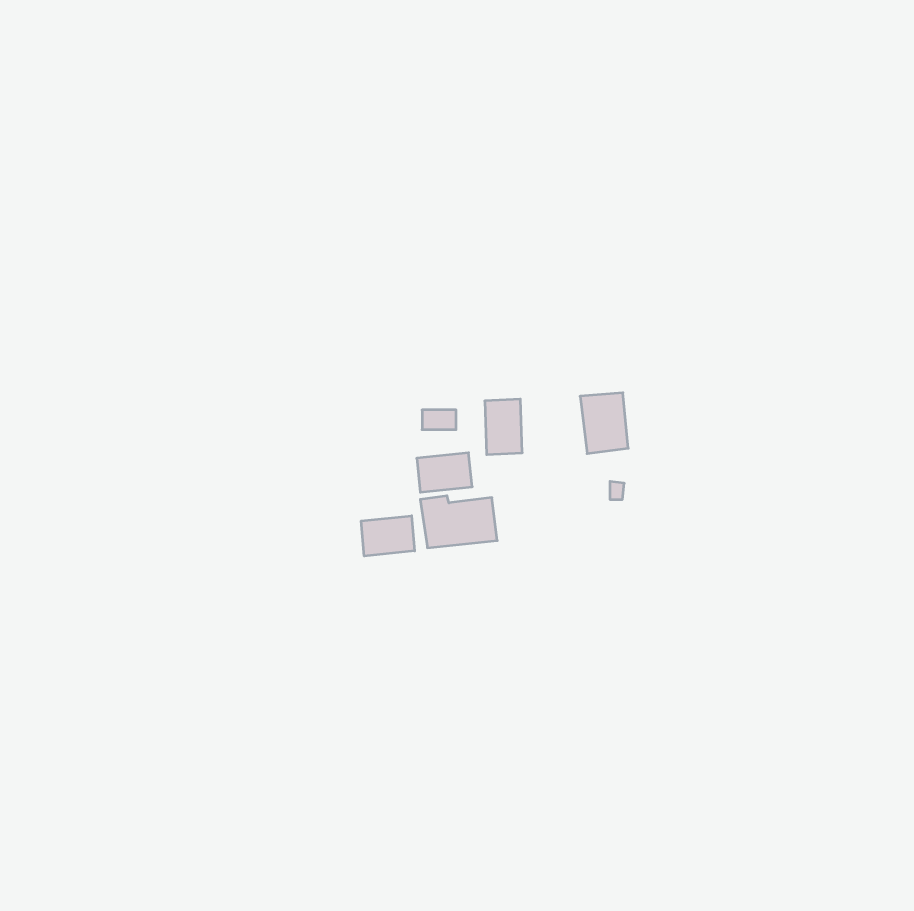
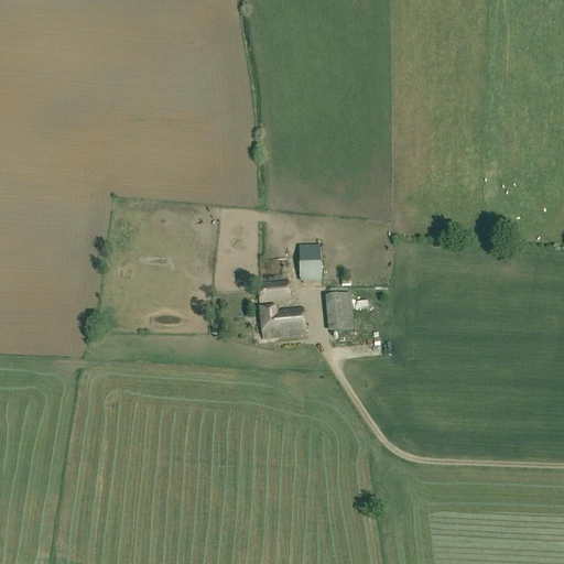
building: [580,393,628,454] -> [324,295,354,333]
building: [361,516,415,556] -> none

